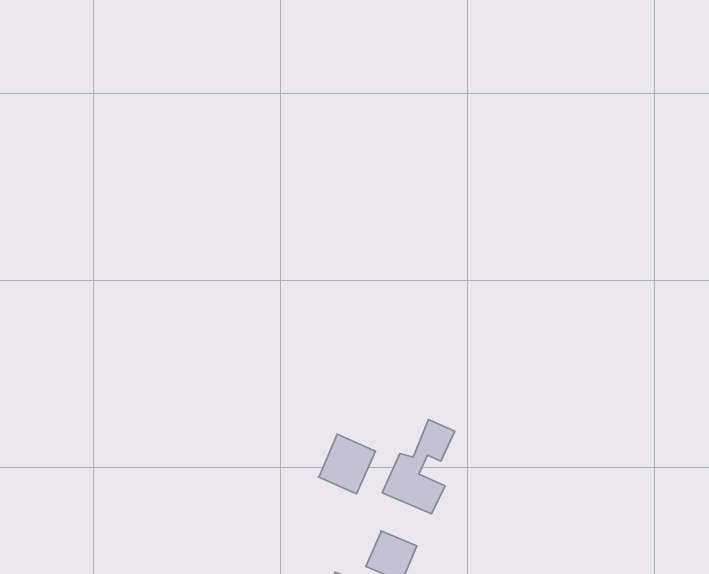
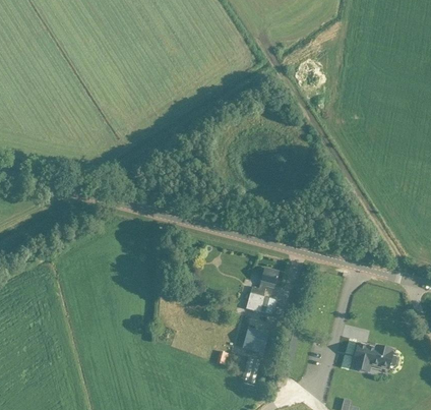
building: [318,434,376,494] -> none

